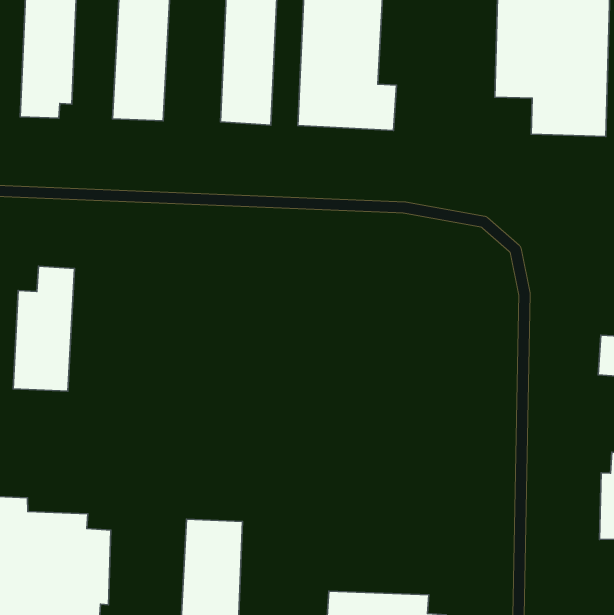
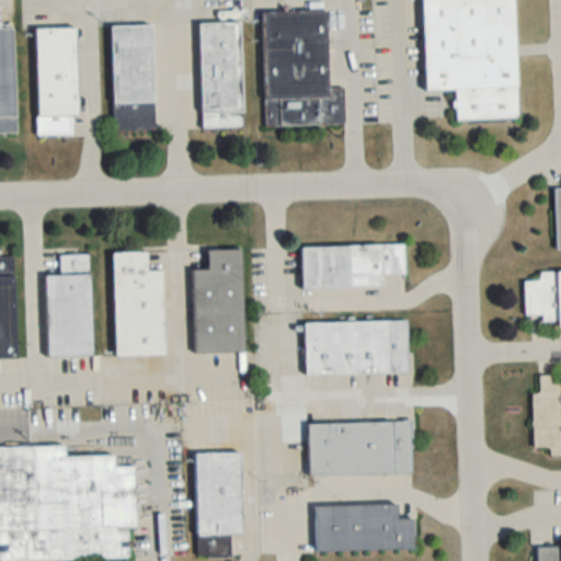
building: none -> [113,252,162,355]
building: none -> [193,250,244,354]
building: none -> [301,244,405,288]
building: none -> [305,321,408,374]
building: none -> [308,421,412,474]

